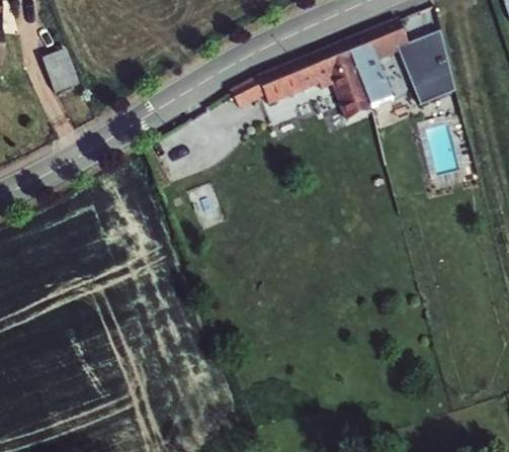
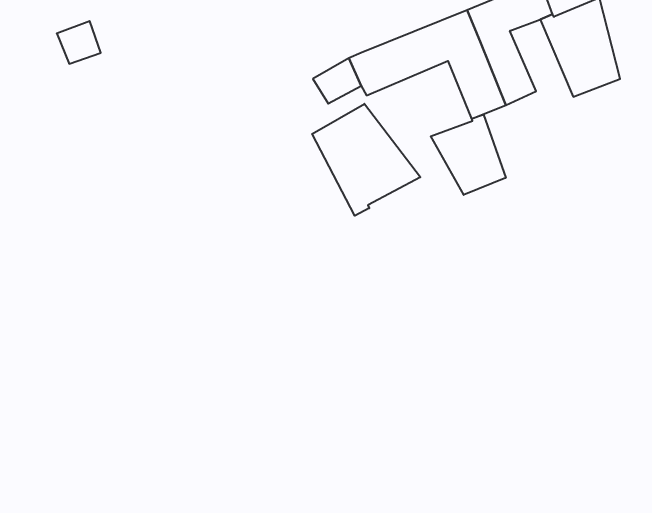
building: none -> [312,104,420,216]
building: none -> [431,115,506,195]

